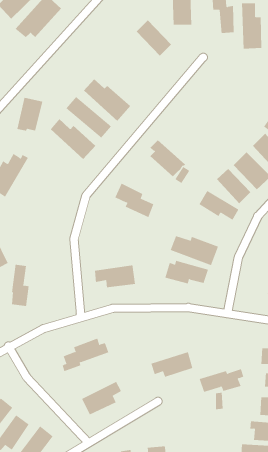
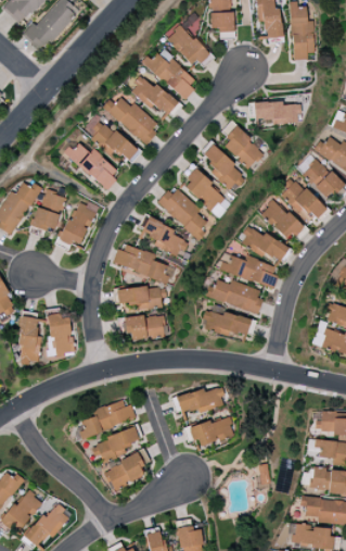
building: none -> [144,47,197,98]
building: none -> [129,76,178,115]
building: none -> [248,100,302,122]
building: [16,97,43,131] -> [34,189,65,229]
building: none -> [221,125,264,168]
building: none -> [200,141,245,191]
building: none -> [157,185,208,240]
building: none -> [62,203,94,247]
building: none -> [114,242,171,281]
building: none -> [216,252,279,288]
building: none -> [113,286,162,310]
building: none -> [49,313,74,355]
building: none -> [95,428,140,463]
building: [199,369,244,393] -> [171,386,225,414]

